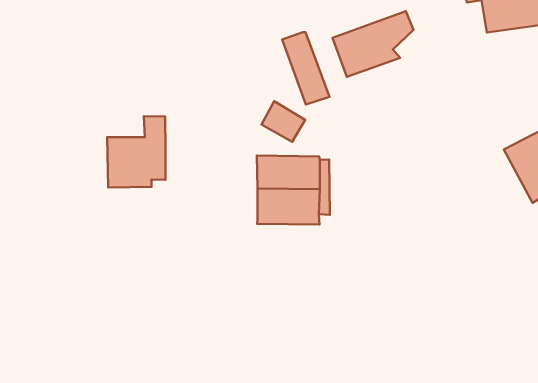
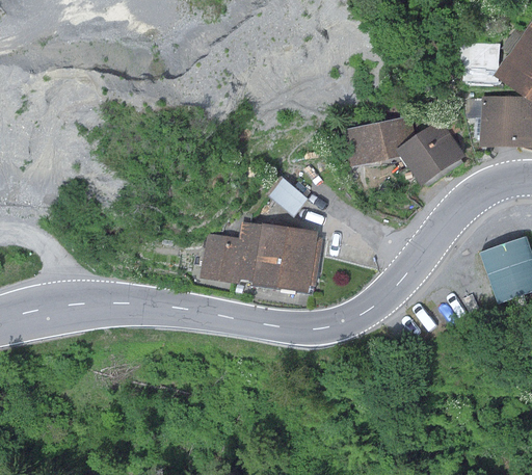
building: none -> [396,118,464,183]
building: [282,32,329,105] -> none
building: [107,116,166,188] -> [201,219,261,283]

